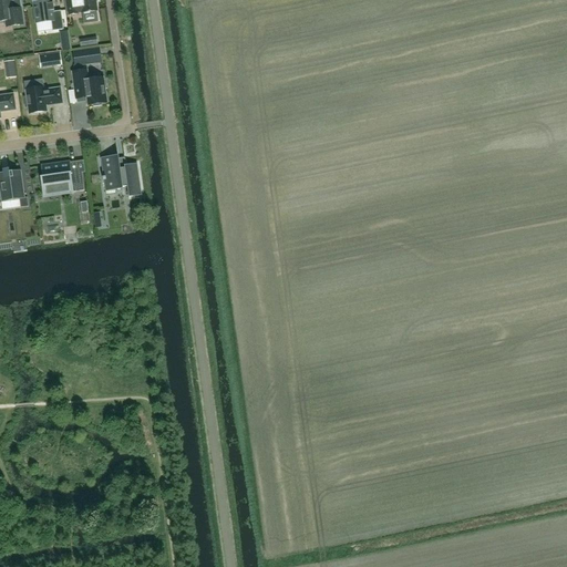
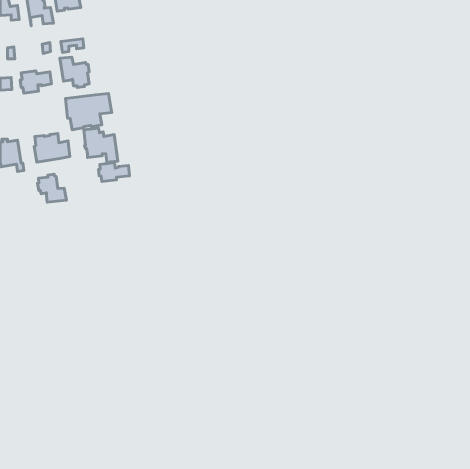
building: none -> [65,94,112,130]
building: none -> [98,163,129,182]
building: none -> [37,174,66,202]

